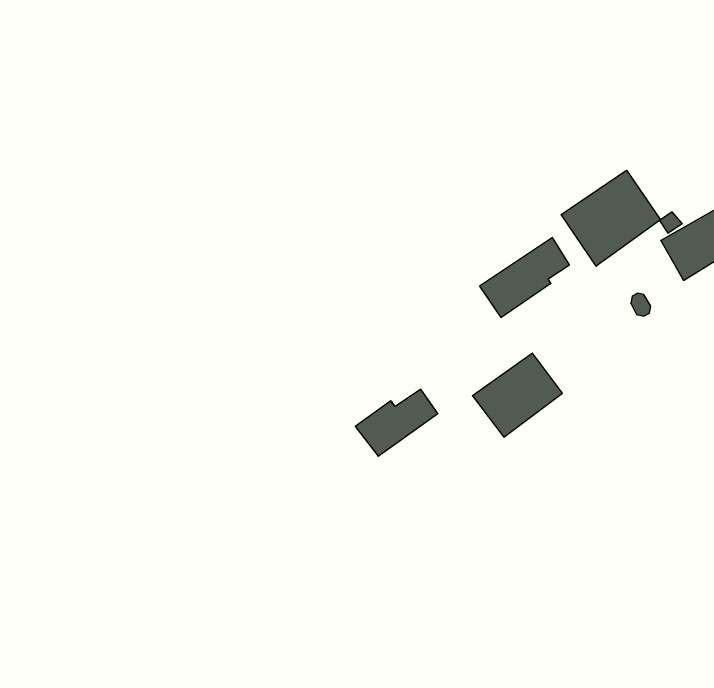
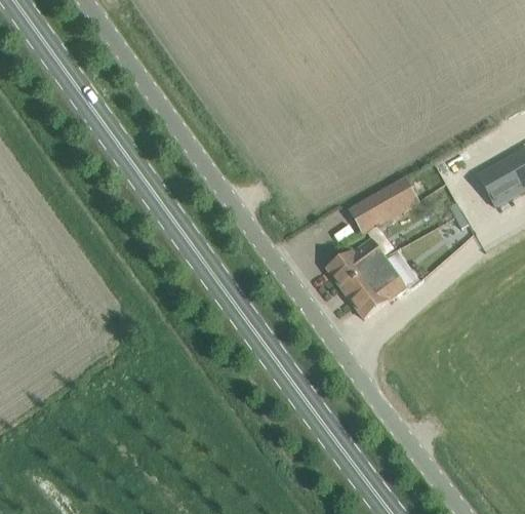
building: [561,170,660,266] -> none
building: [355,389,438,456] -> [327,241,387,289]

